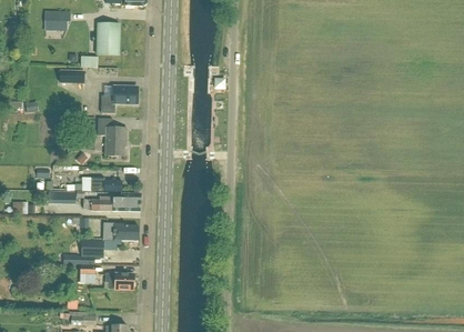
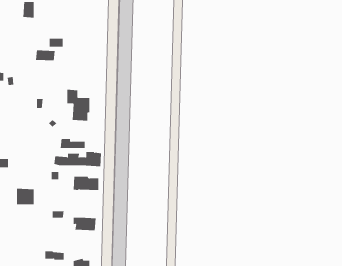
building: [97,22,119,54] -> none
building: [100,84,138,112] -> none
building: [81,237,103,256] -> [16,188,35,205]

